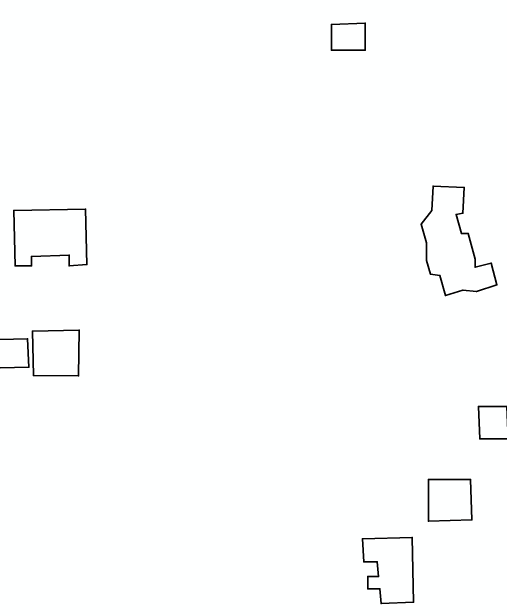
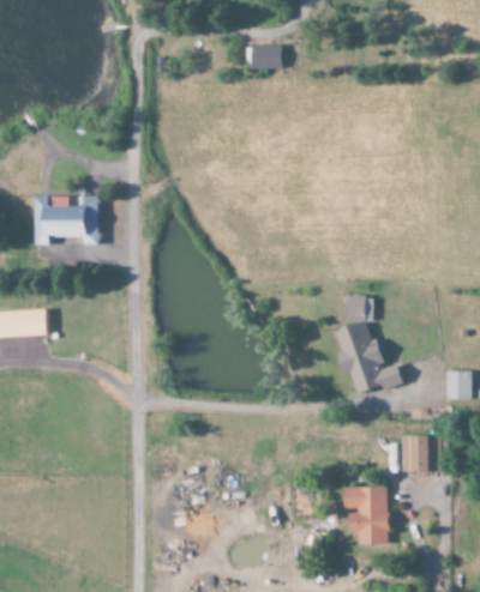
building: [331,23,365,50] -> [251,44,281,68]
building: [421,186,497,296] -> [335,296,402,393]
building: [33,330,79,376] -> none

